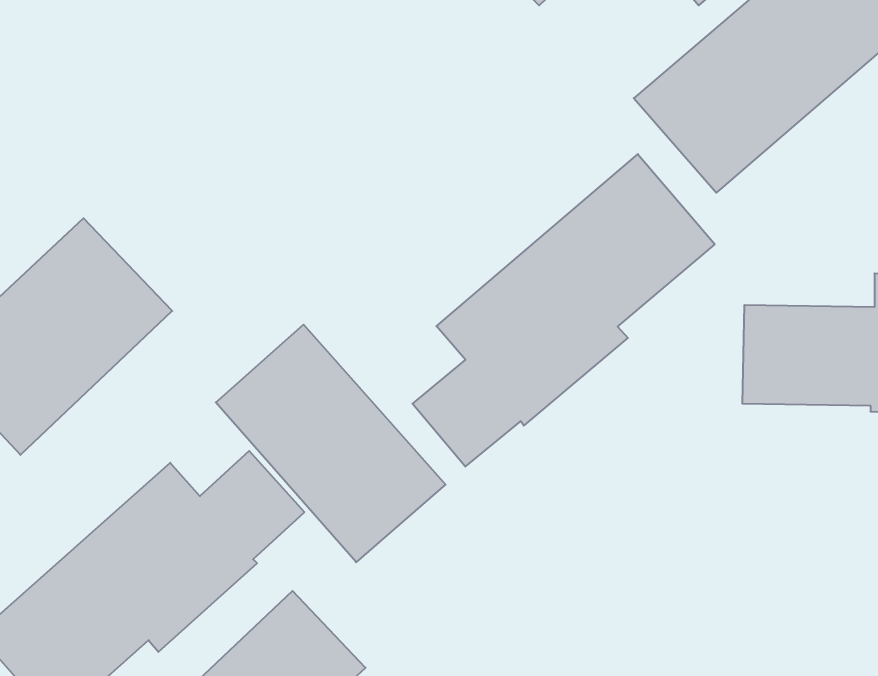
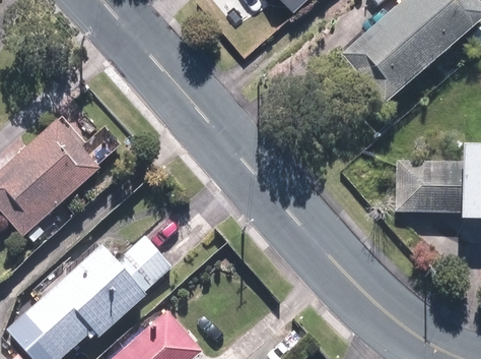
building: [412,154,715,467] -> none
building: [216,325,446,562] -> none

